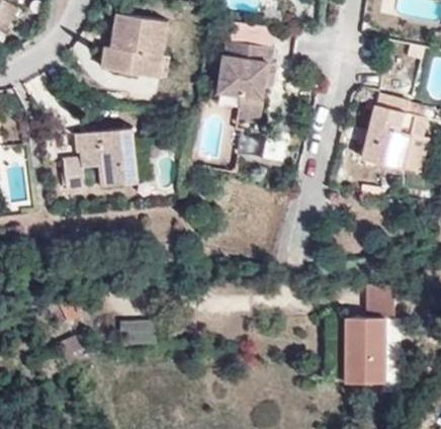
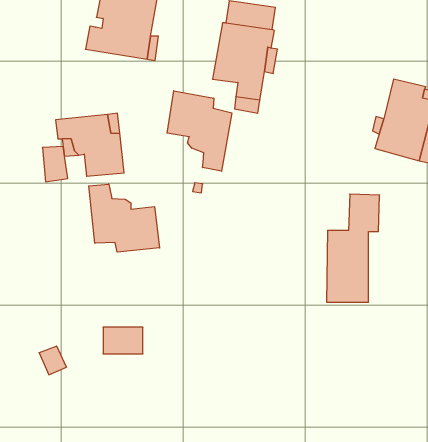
building: none -> [167,91,232,171]
building: none -> [89,184,160,252]
building: [346,284,394,383] -> [327,194,380,302]

